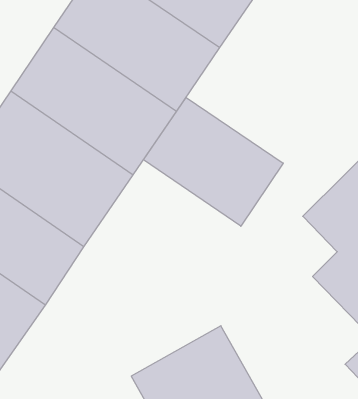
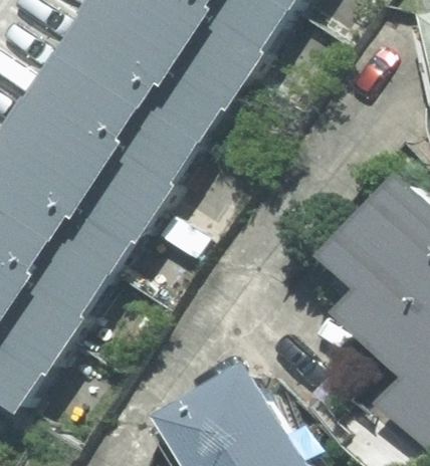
building: [143,98,283,226] -> none

